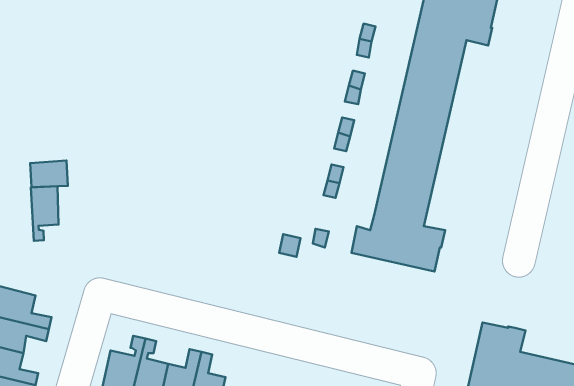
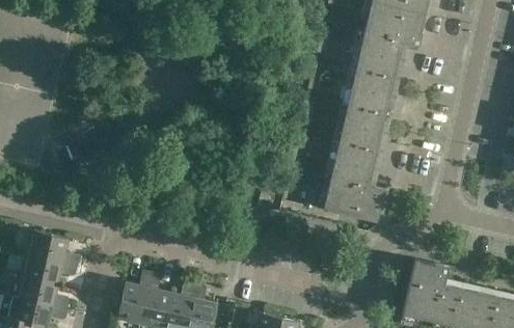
building: [31,186,59,241] -> none

